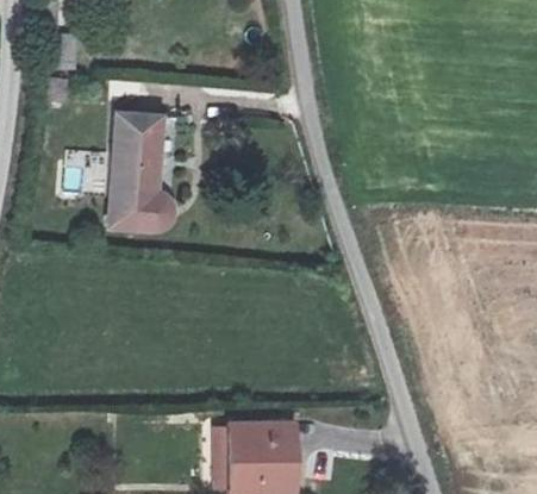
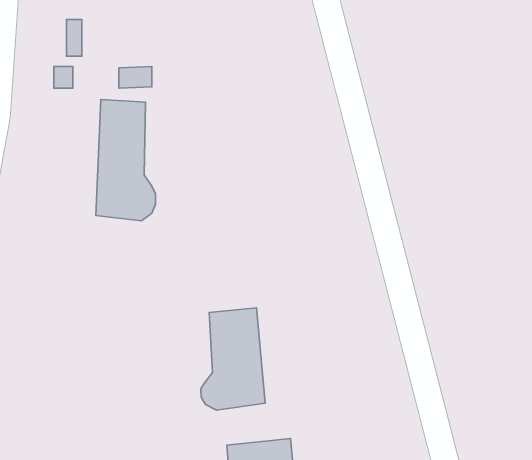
building: none -> [201,308,265,410]

